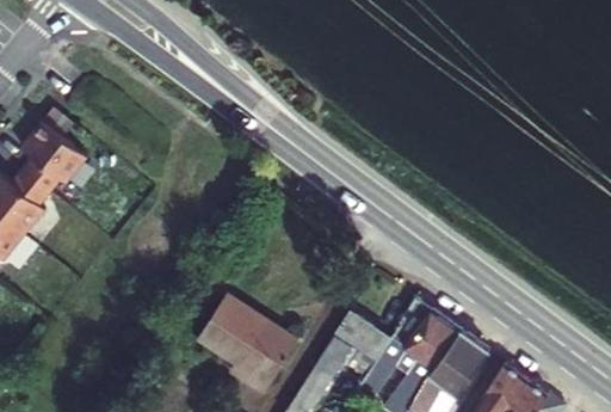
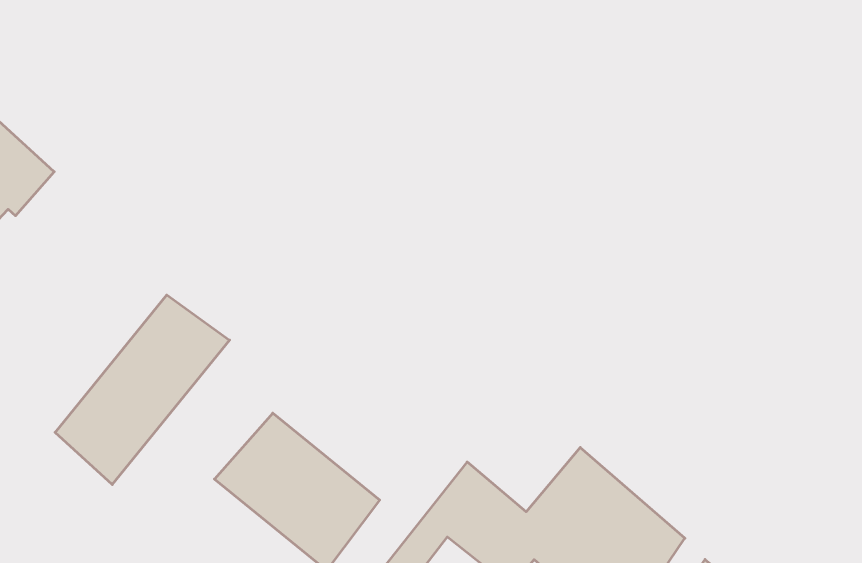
building: none -> [55,295,230,485]

